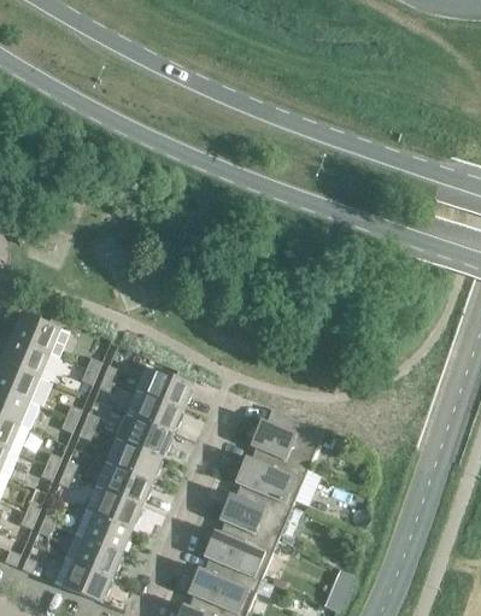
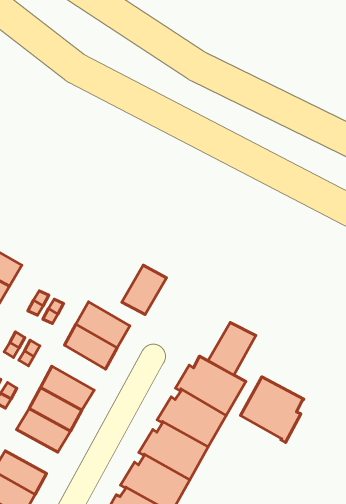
building: none -> [122,265,167,315]
building: none -> [208,322,256,375]
building: [112,416,170,460] -> none
building: none -> [241,377,304,442]
building: [72,512,129,556] -> none

